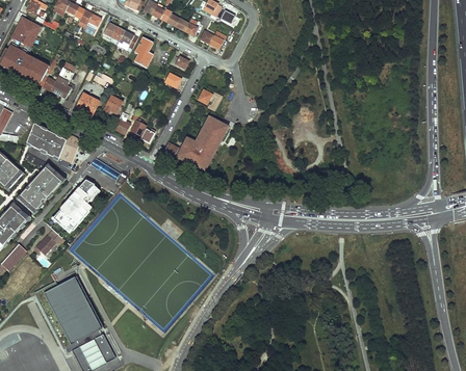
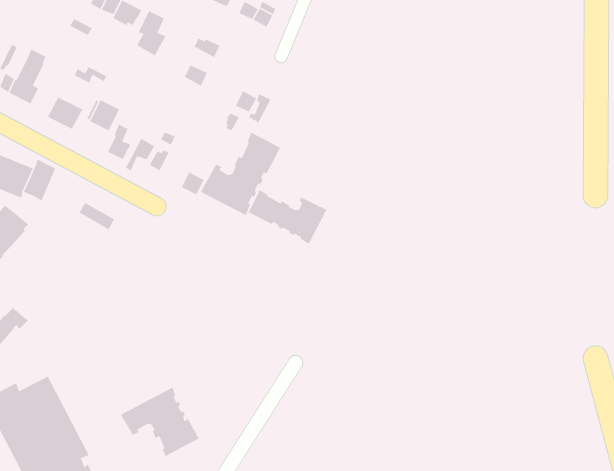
building: none -> [248,189,328,245]
building: [53,179,99,231] -> none
building: none -> [120,387,200,457]

